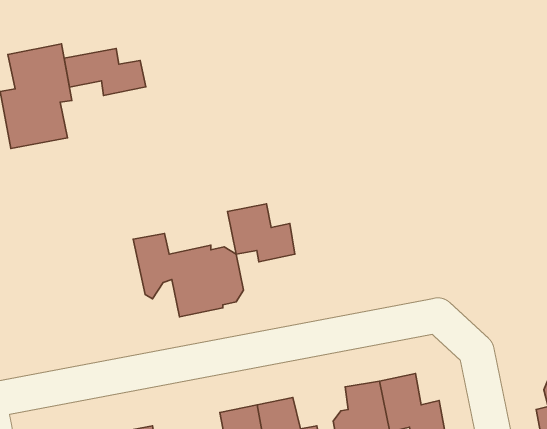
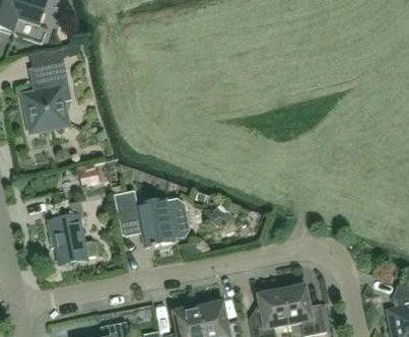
building: [64,48,146,95] -> none
building: [227,204,295,262] -> none
building: none -> [48,201,97,264]

